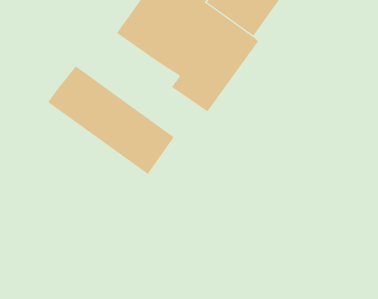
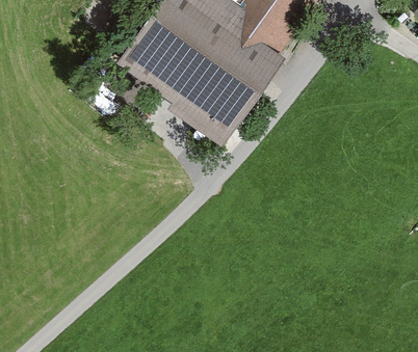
building: [48,65,175,175] -> none

